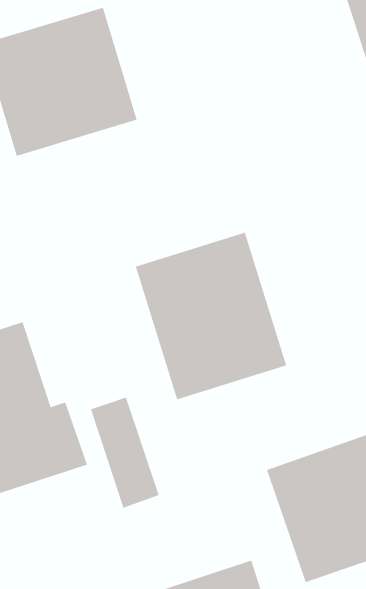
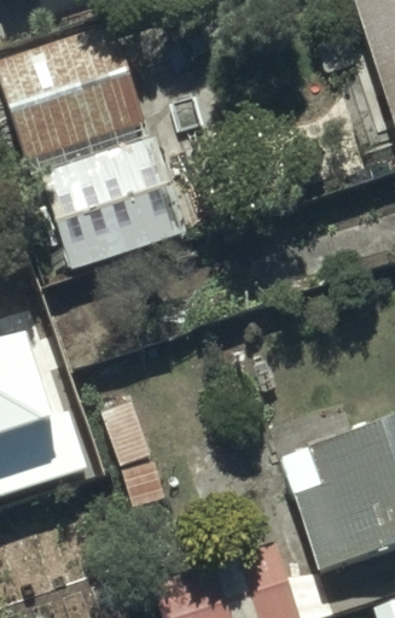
building: none -> [41,134,186,269]
building: [135,232,287,400] -> none

